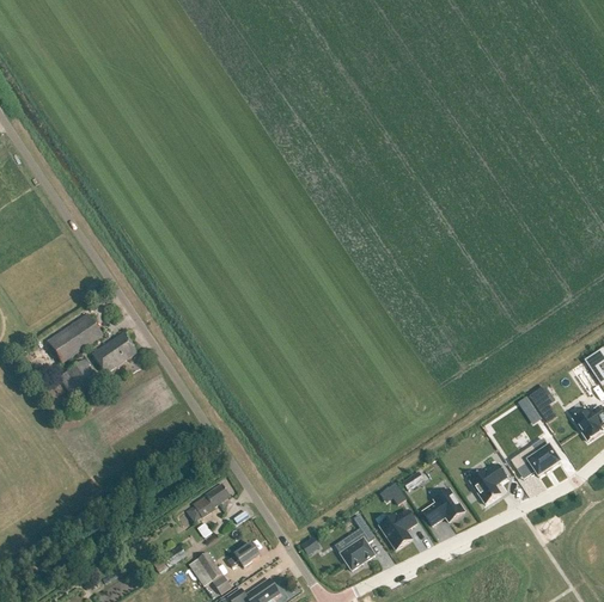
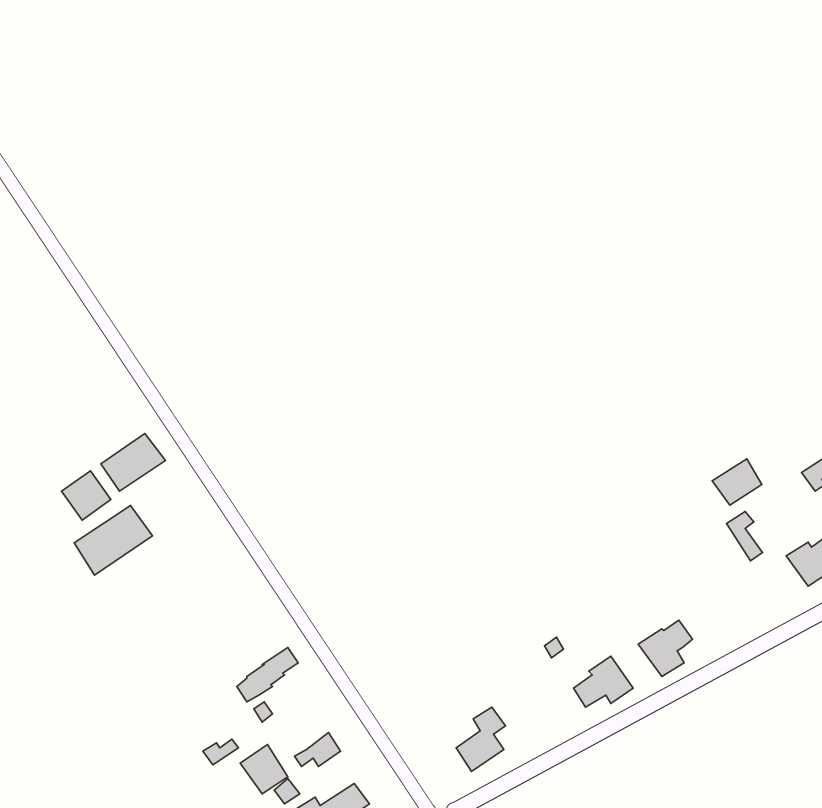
building: [47,313,102,362] -> [74,505,152,575]
building: none -> [712,459,762,505]
building: [511,444,560,475] -> none
building: [380,510,416,549] -> none

